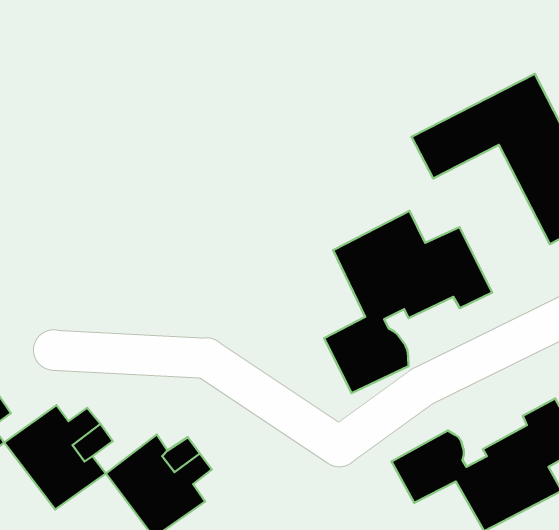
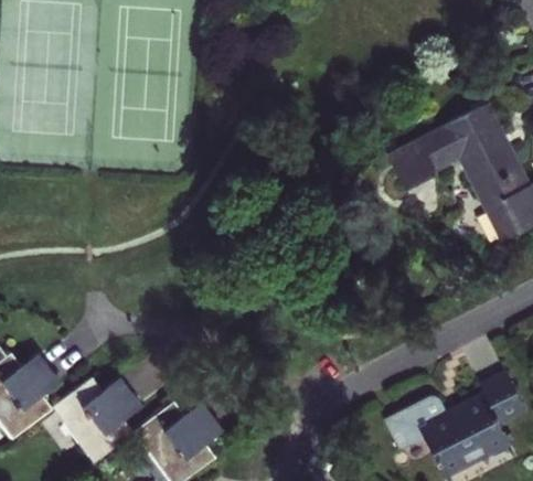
building: [324,211,492,393] -> none

